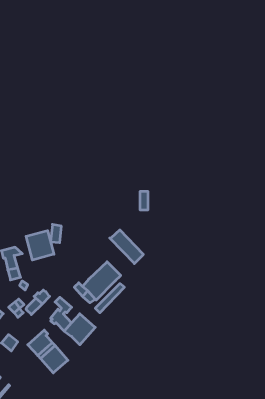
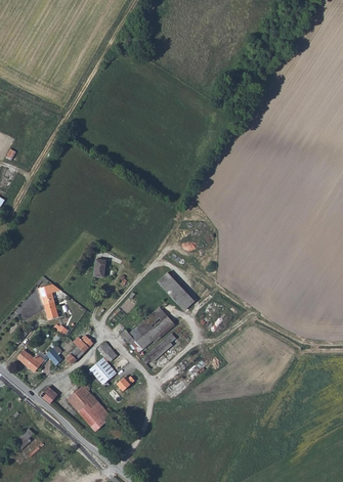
building: [26,231,54,260] -> none

